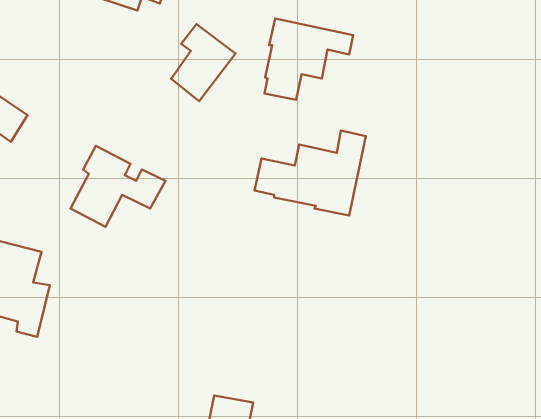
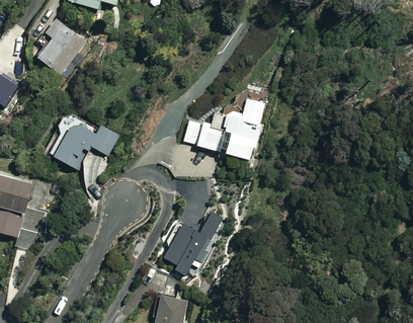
building: [264,19,353,100] -> none
building: [171,24,235,101] -> [42,20,88,76]
building: none -> [161,206,220,271]

